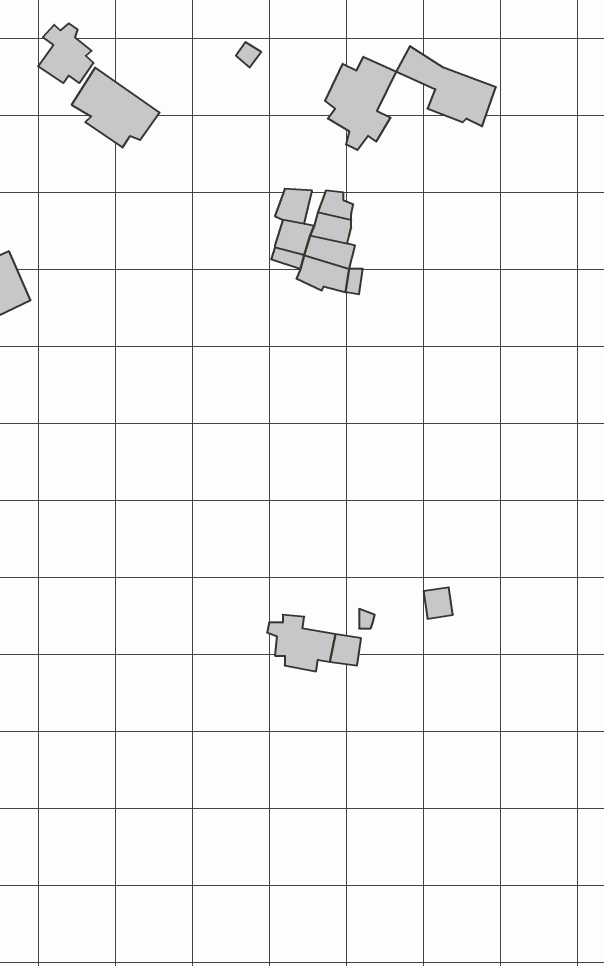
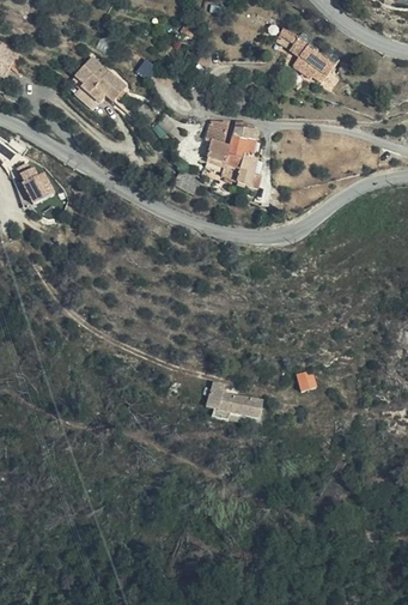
building: [38,23,94,83] -> none
building: [325,57,396,150] -> none

